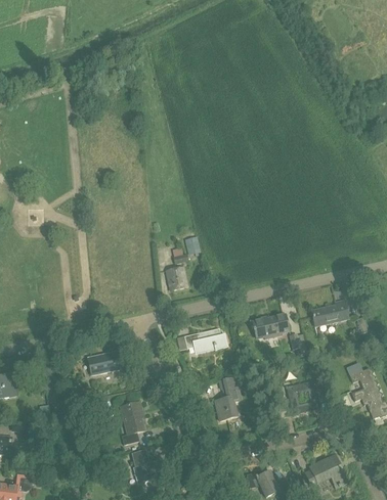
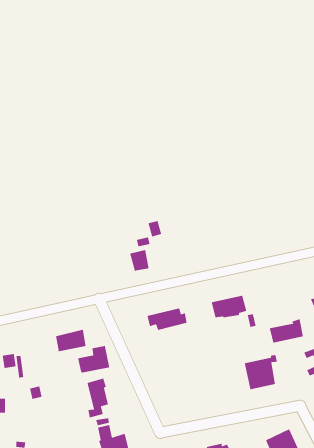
building: [311,301,348,327] -> [269,318,304,344]
building: none -> [77,345,110,374]
building: [215,377,241,420] -> none

